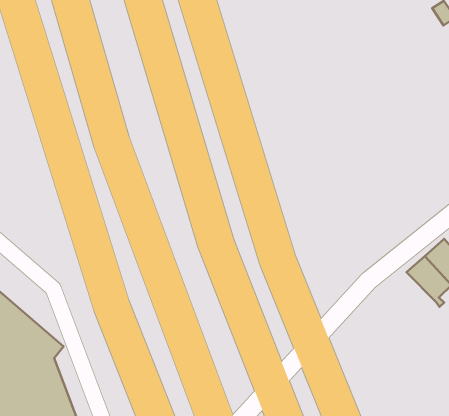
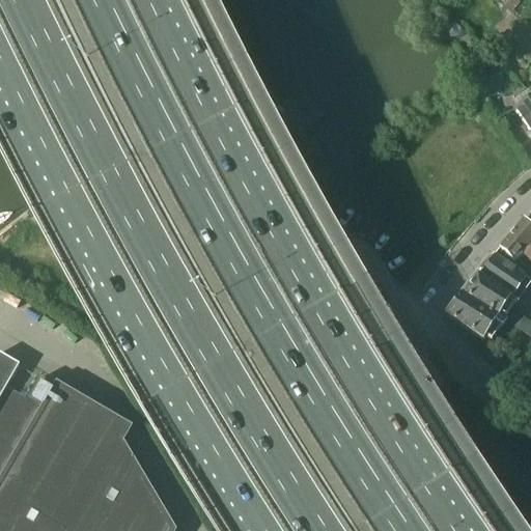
building: none -> [444,291,497,337]

